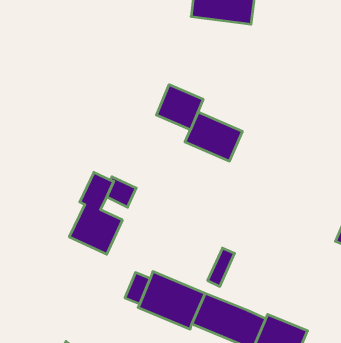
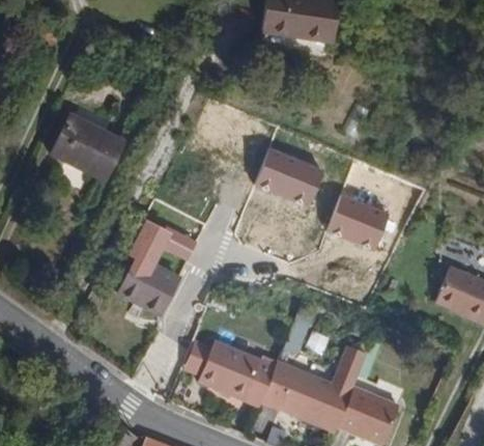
building: none -> [52,113,123,176]
building: [156,85,203,130] -> none
building: none -> [328,197,388,250]
building: none -> [331,346,368,394]

